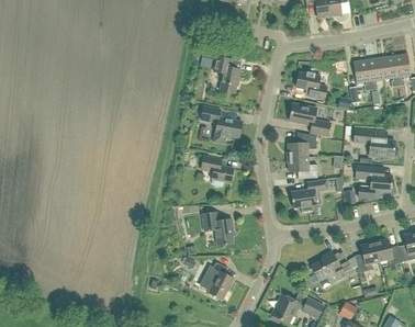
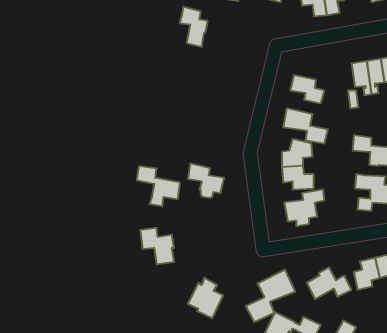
building: [213,56,239,93] -> [180,7,208,47]
building: [201,106,242,144] -> [137,166,180,206]
building: [202,212,234,246] -> [140,228,174,264]
building: none -> [246,270,295,322]

